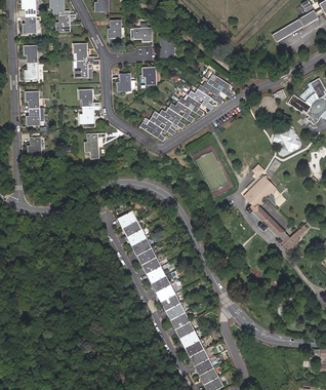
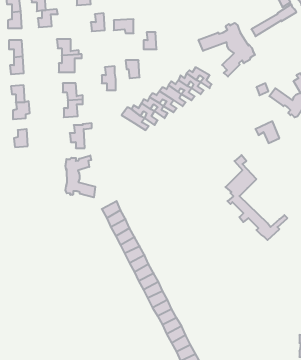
building: none -> [199,23,255,77]
building: none -> [66,155,95,197]

